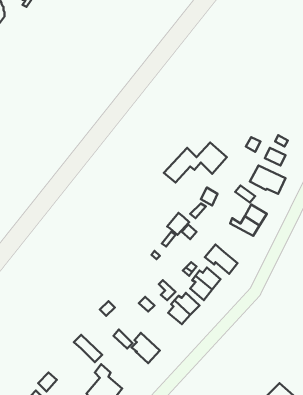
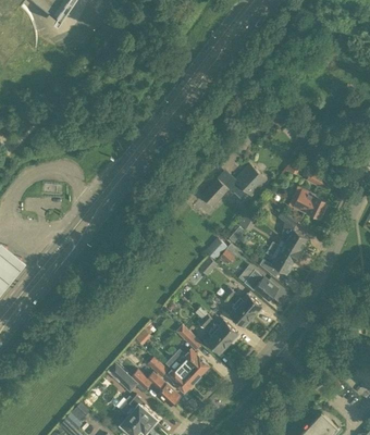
building: none -> [260,249,294,277]
building: none -> [177,351,210,381]
building: none -> [132,371,180,406]

